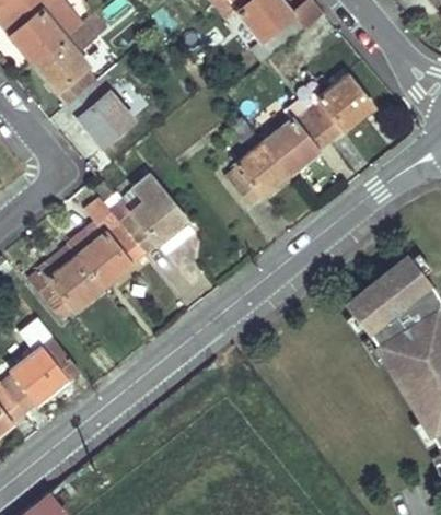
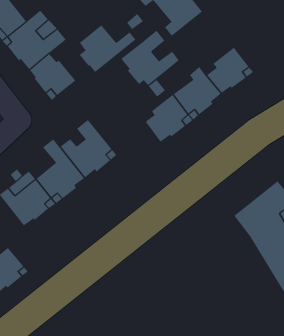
building: none -> [79,25,136,73]
building: none -> [120,30,180,86]

